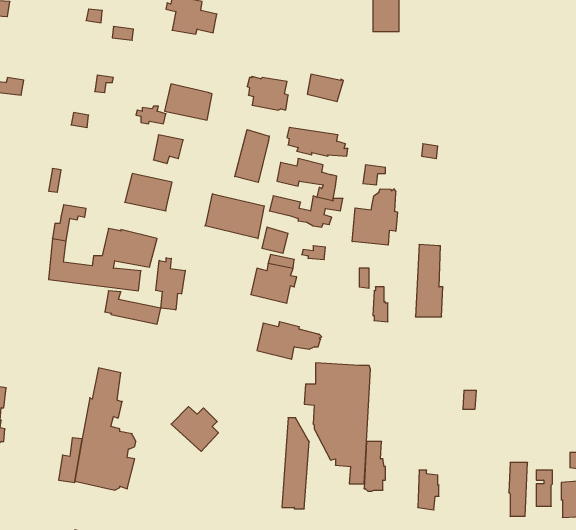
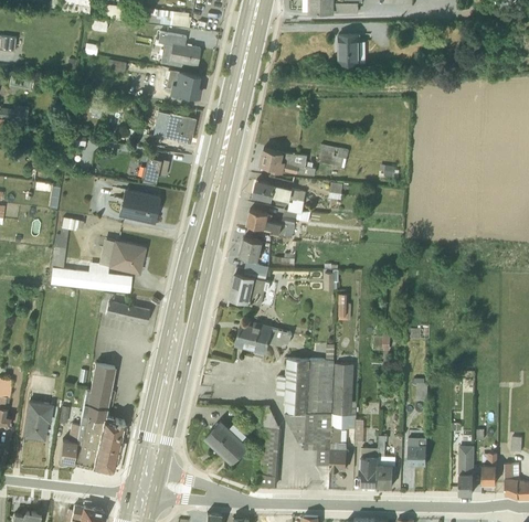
building: [307,74,343,102] -> [318,145,350,169]
building: [247,76,288,110] -> [166,70,202,99]
building: [235,130,269,182] -> none
building: [352,189,397,245] -> none
building: [205,194,264,239] -> none
building: [415,245,443,317] -> [332,363,357,427]
building: [156,258,185,310] -> none
building: [171,407,218,451] -> [207,422,248,461]
building: none -> [23,401,53,440]
building: none -> [409,437,427,465]
building: none -> [360,448,379,486]

